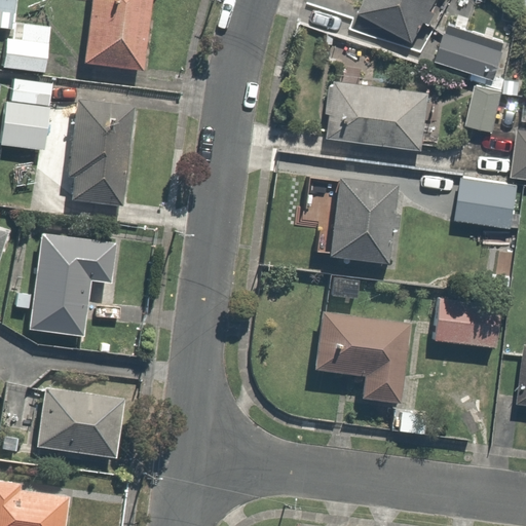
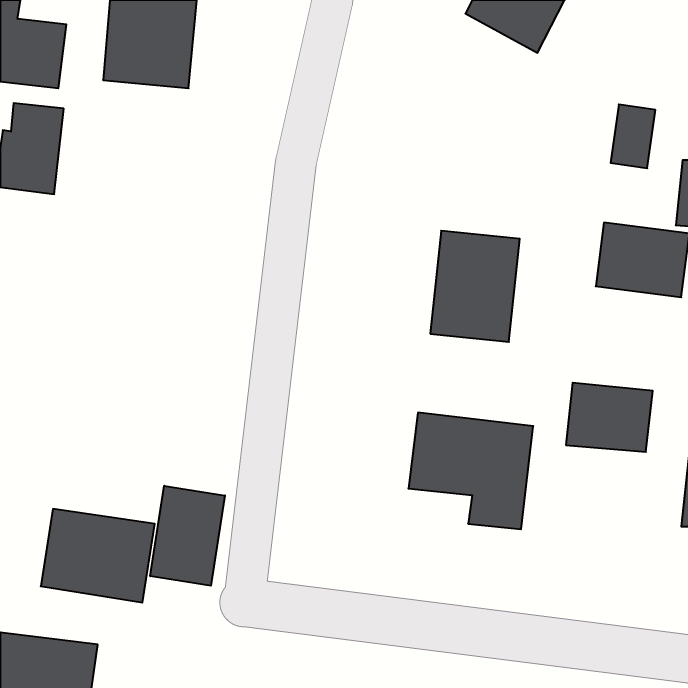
building: [433,27,503,78] -> none
building: [325,36,430,142] -> none
building: [65,98,134,206] -> none
building: [16,233,117,338] -> none
building: none -> [150,486,225,586]

